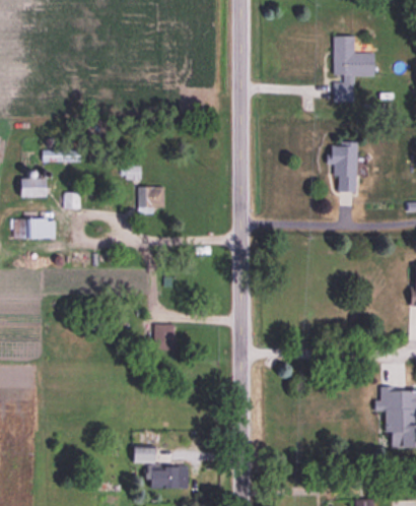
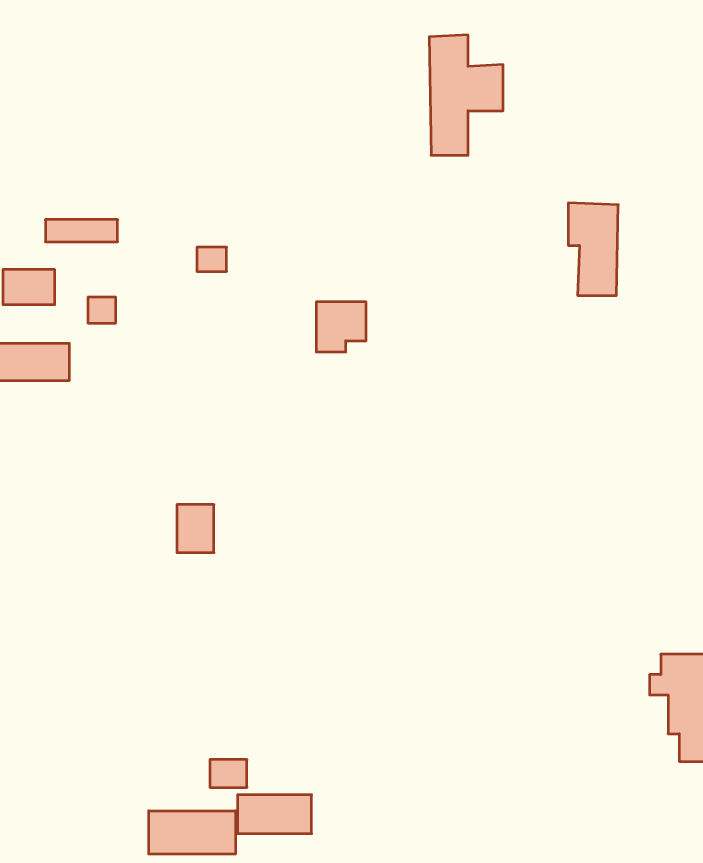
building: [334,36,374,102] -> [429,35,503,155]
building: [139,186,166,213] -> [316,302,366,352]
building: [155,323,176,350] -> [177,505,214,553]
building: none -> [149,811,235,854]

